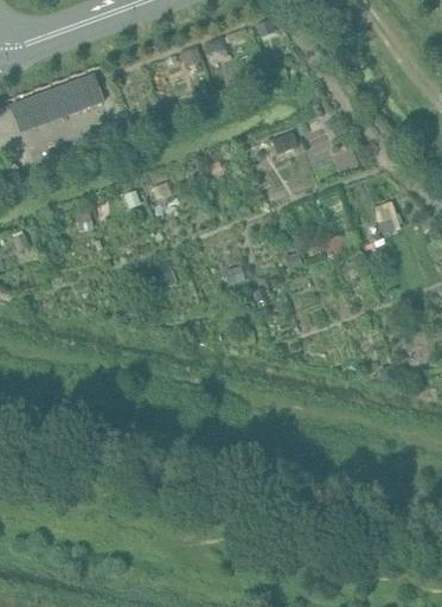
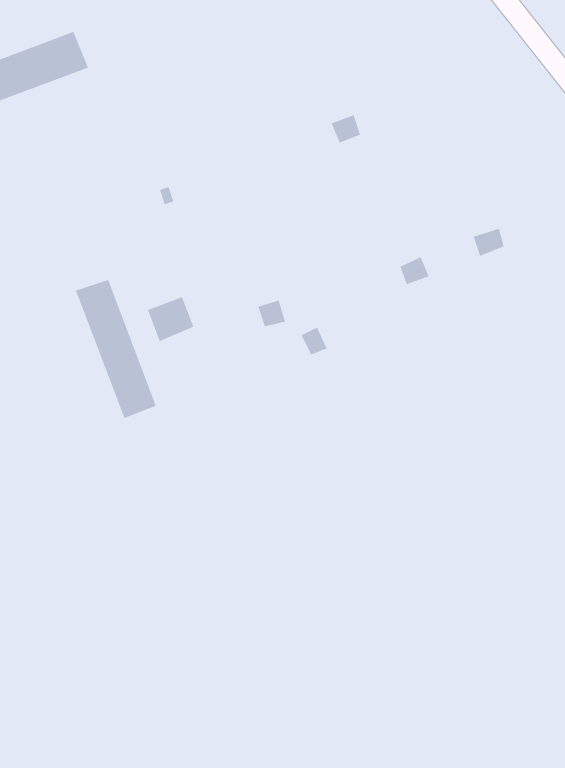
building: none -> [75,279,157,419]

